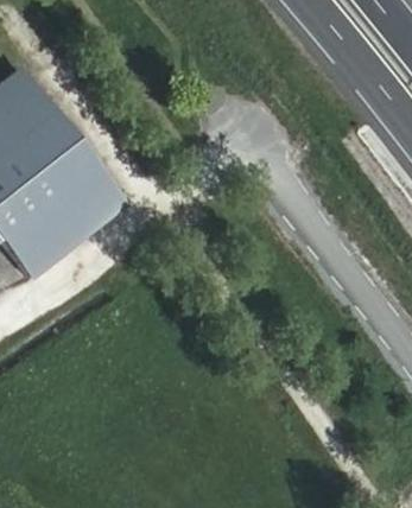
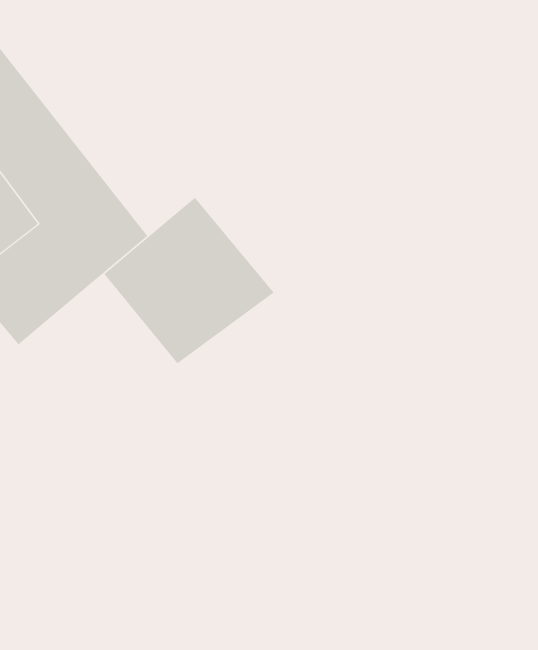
building: none -> [103,197,274,364]

